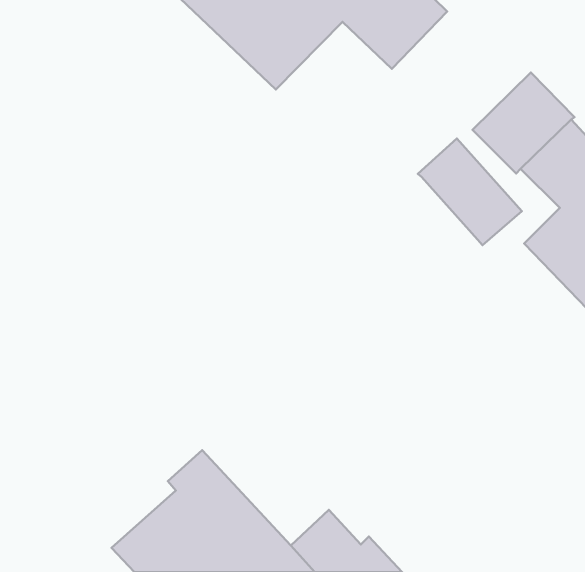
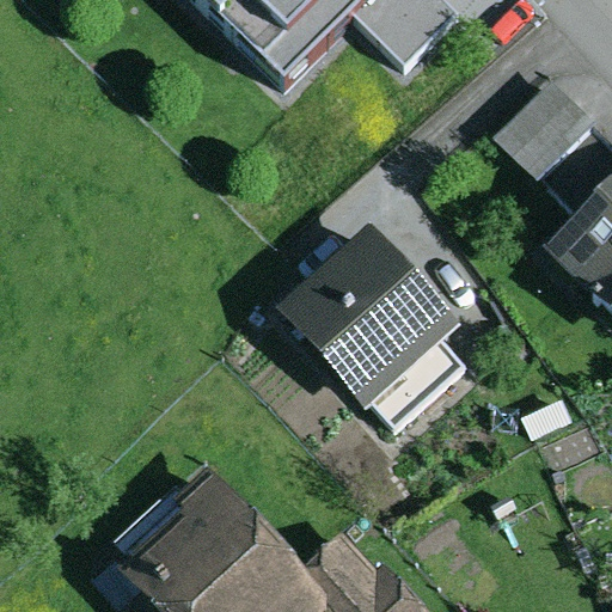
building: [418,138,522,245] -> none
building: none -> [276,226,469,427]

